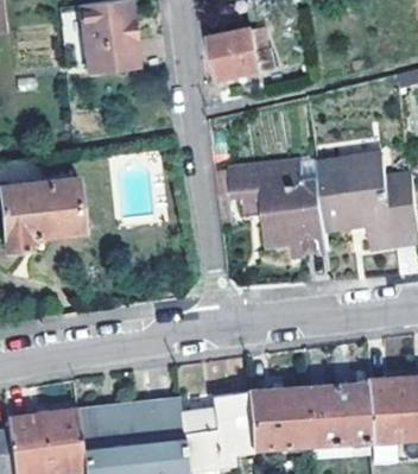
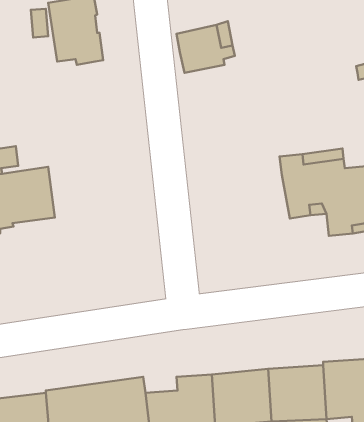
building: [234,163,334,257] -> none

